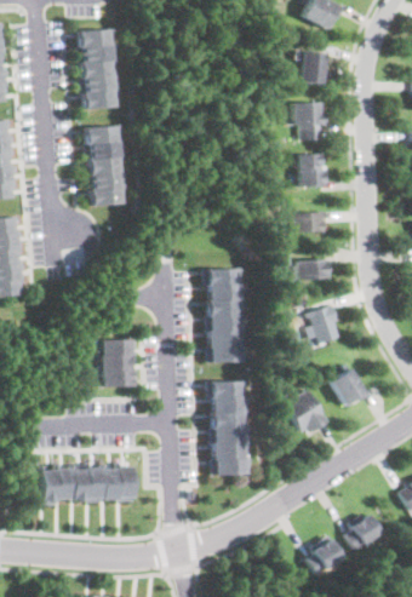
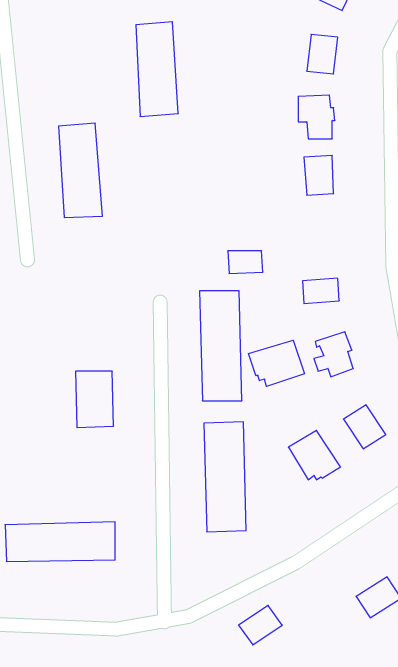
building: [81,29,118,110] -> [136,22,178,116]
building: [291,212,321,231] -> [228,251,263,273]
building: none -> [249,340,305,386]
building: [305,541,343,575] -> [239,605,282,645]

